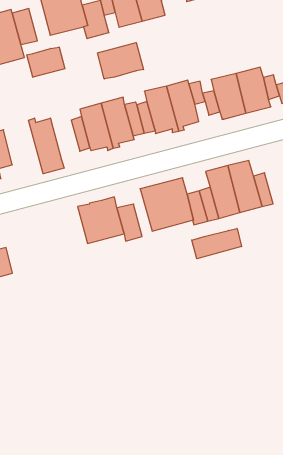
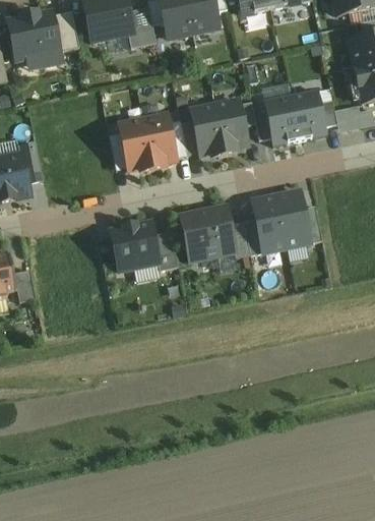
building: [98,43,143,79] -> none
building: [27,47,65,77] -> none
building: [29,118,64,174] -> none
building: [192,228,242,259] -> none

